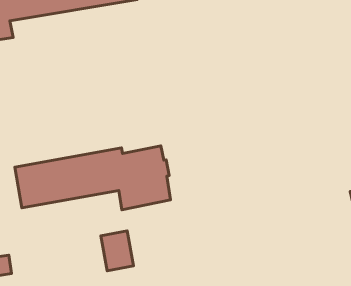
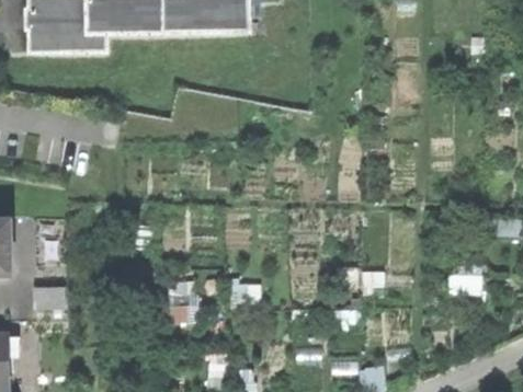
building: [15,146,171,210] -> none

